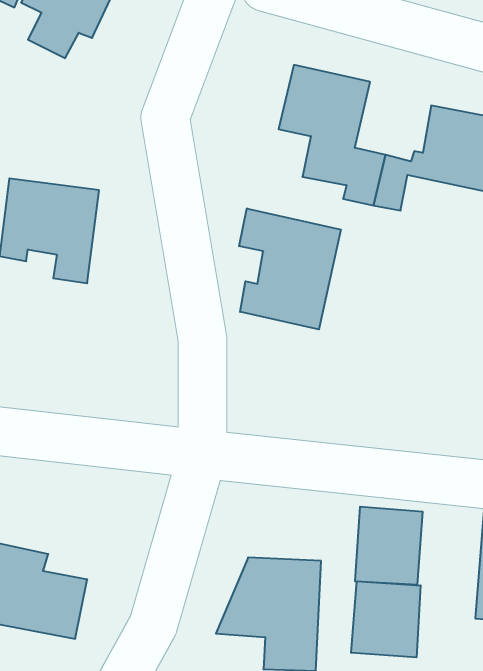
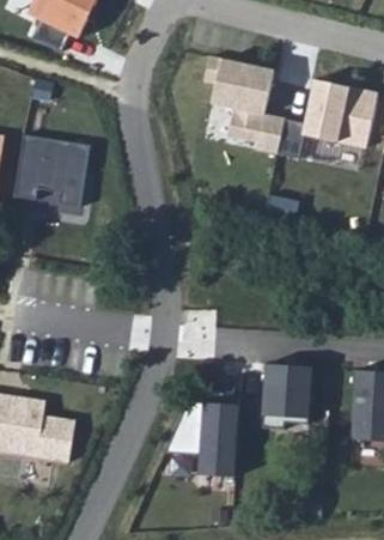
building: [239,208,341,329] -> none
building: [351,581,421,657] -> none

